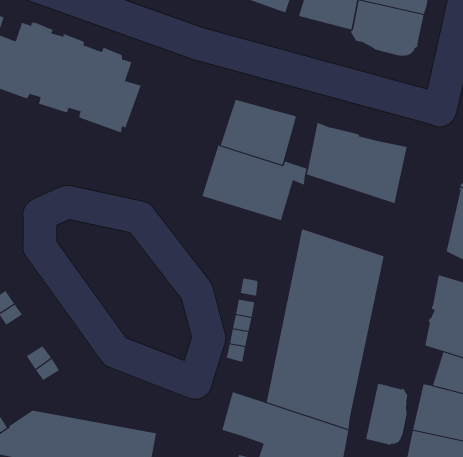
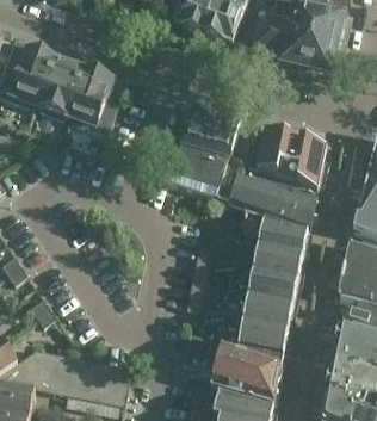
building: none -> [229,165,317,228]
building: [366,383,408,446] -> none

